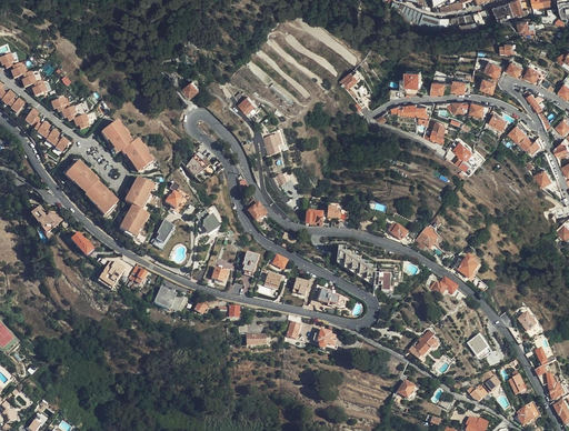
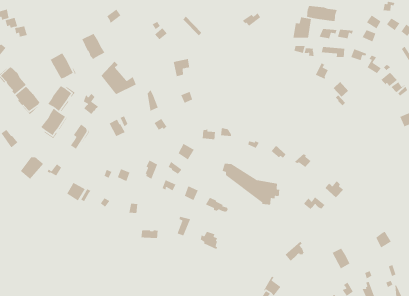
building: none -> [306,5,338,22]
building: [100,119,130,151] -> [81,33,105,60]

